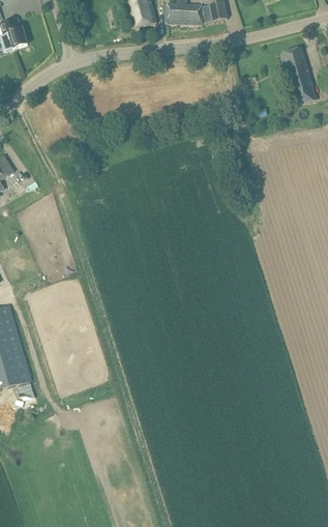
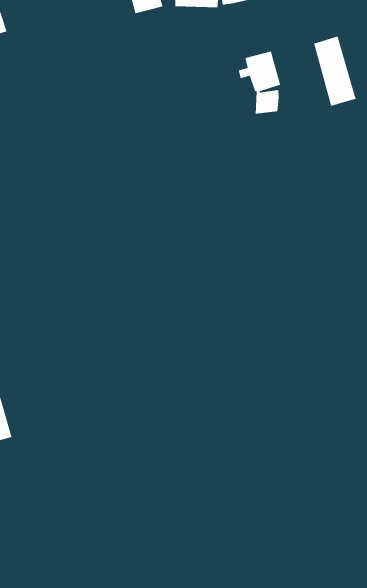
building: none -> [238,50,281,115]

